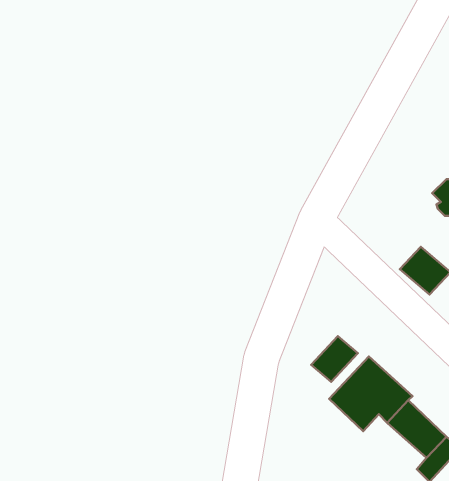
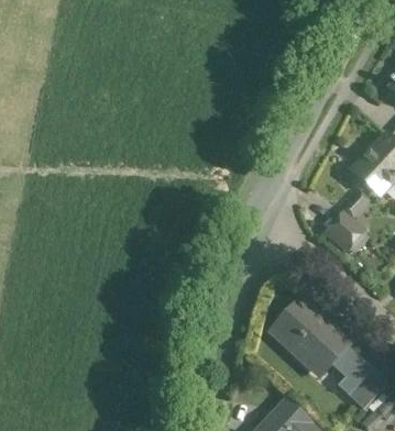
building: [311,336,358,382] -> none

